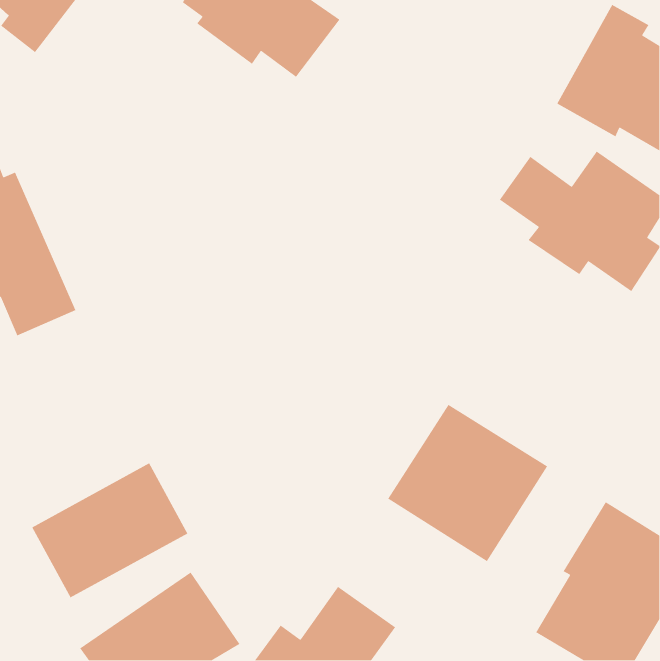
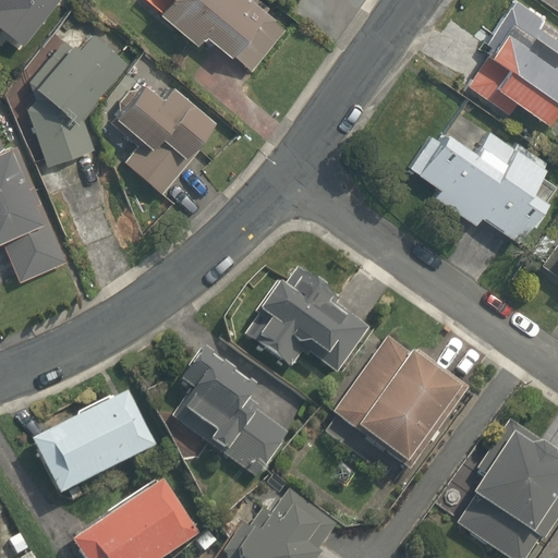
building: none -> [26,35,138,168]
building: none -> [114,77,232,192]
building: none -> [241,268,367,374]
building: none -> [166,352,295,482]

